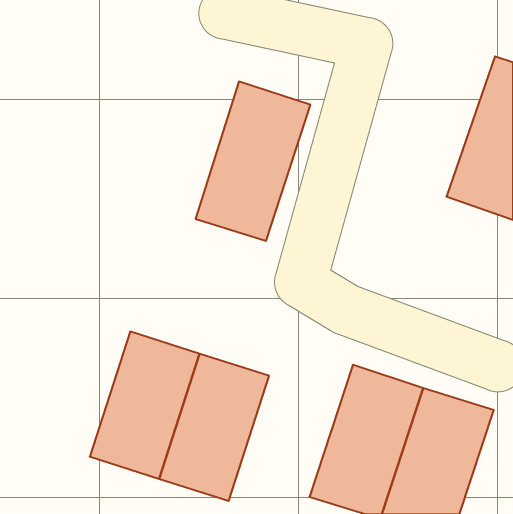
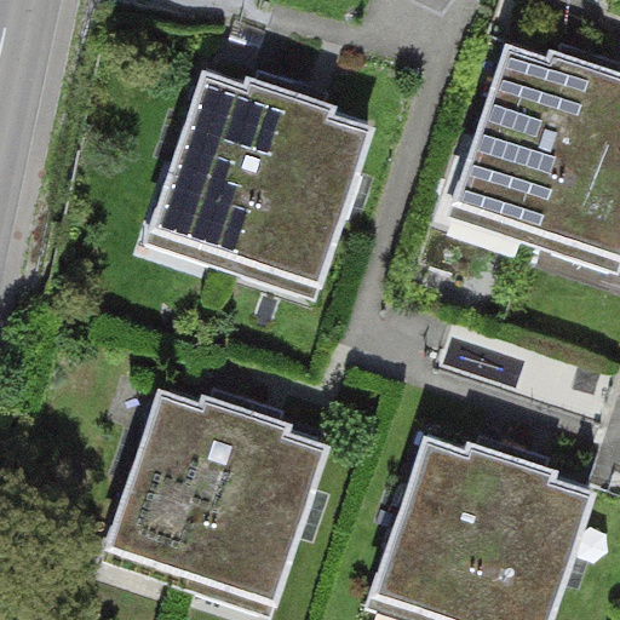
building: none -> [452,39,595,236]
building: none -> [149,71,287,263]

